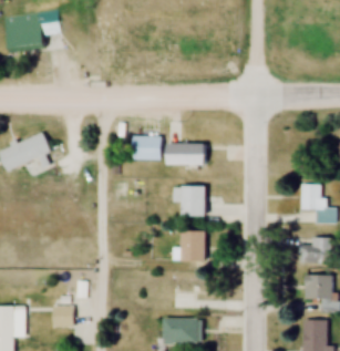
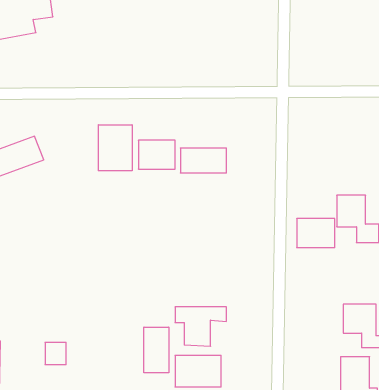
building: none -> [98,125,132,171]
building: [174,186,206,217] -> none
building: [181,231,205,262] -> none
building: [297,239,329,264] -> [297,219,335,248]
building: none -> [144,327,169,373]

